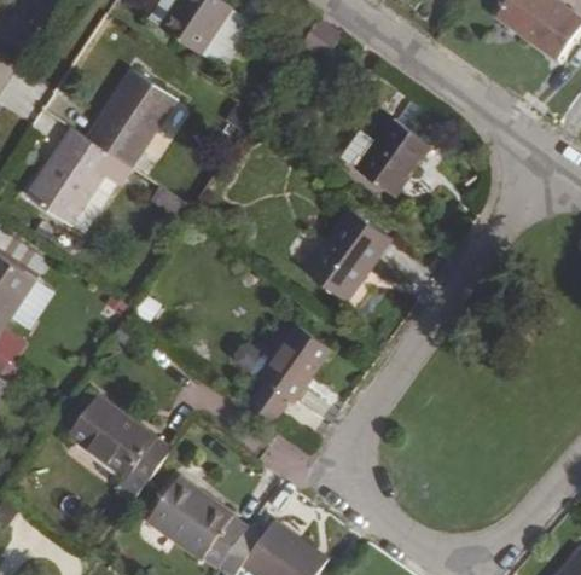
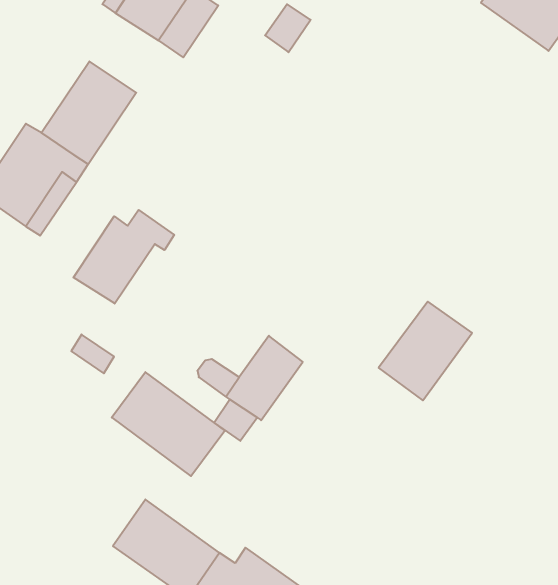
building: [353,118,429,197] -> none
building: none -> [73,210,174,304]
building: [304,213,391,304] -> [379,302,472,400]
building: [64,393,169,489] -> [112,372,225,476]

